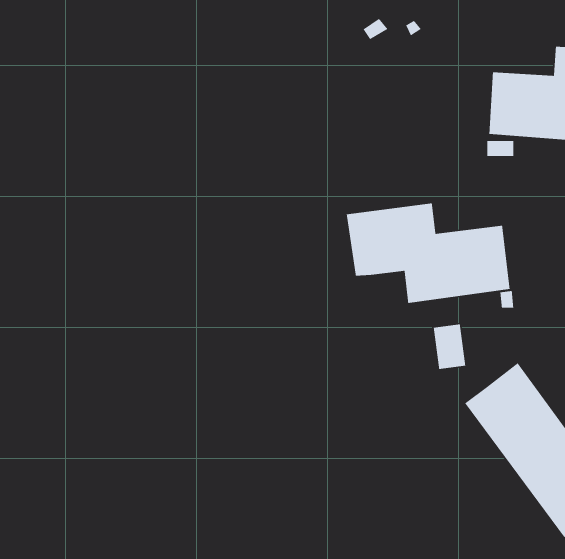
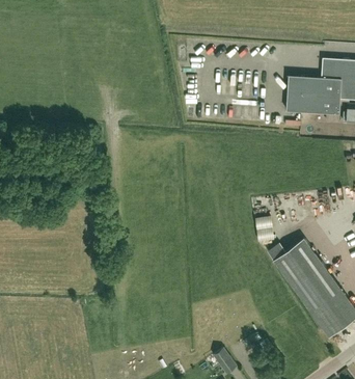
building: [346,203,510,304] -> none

